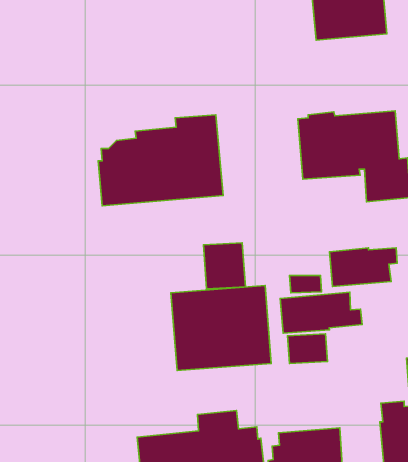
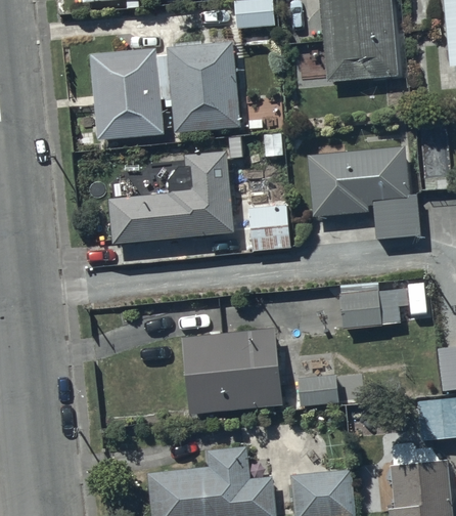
building: none -> [90,44,239,148]
building: [203,243,245,289] -> [247,202,289,248]
building: [280,292,362,333] -> none

